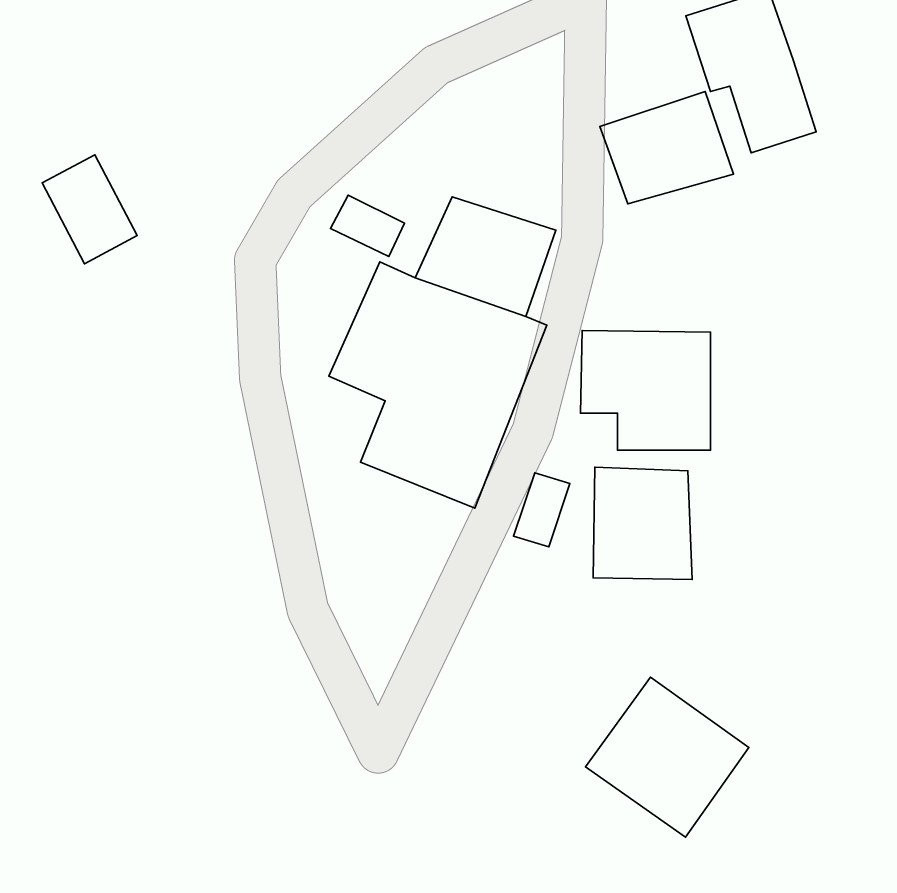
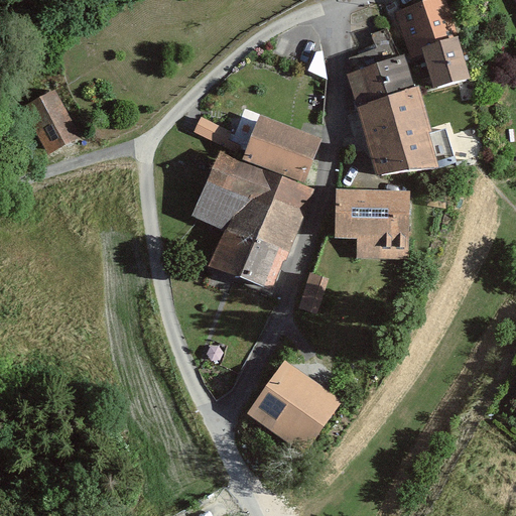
building: none -> [361,100,480,178]
building: [593,467,692,580] -> none
building: [585,677,749,837] -> [246,361,340,453]

